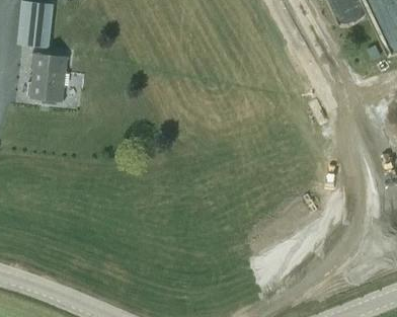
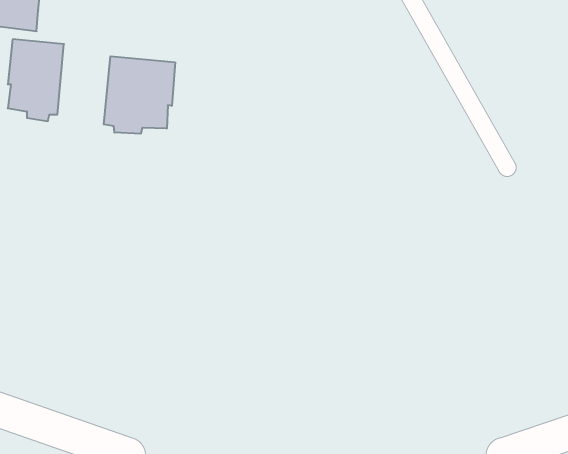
building: none -> [104,56,175,134]

